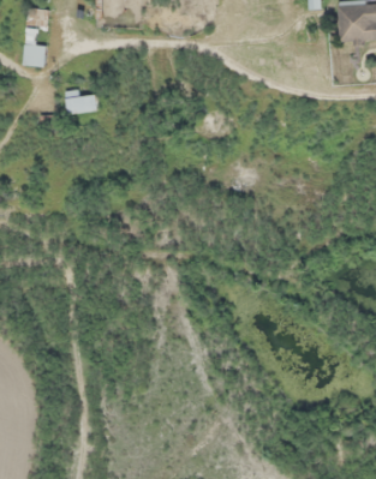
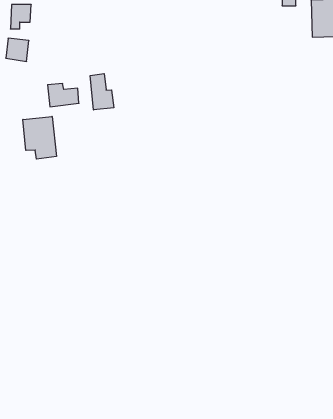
building: none -> [90,74,114,110]
building: none -> [23,116,56,159]

